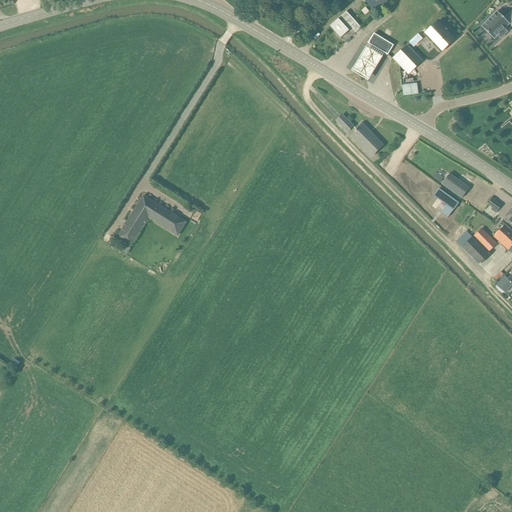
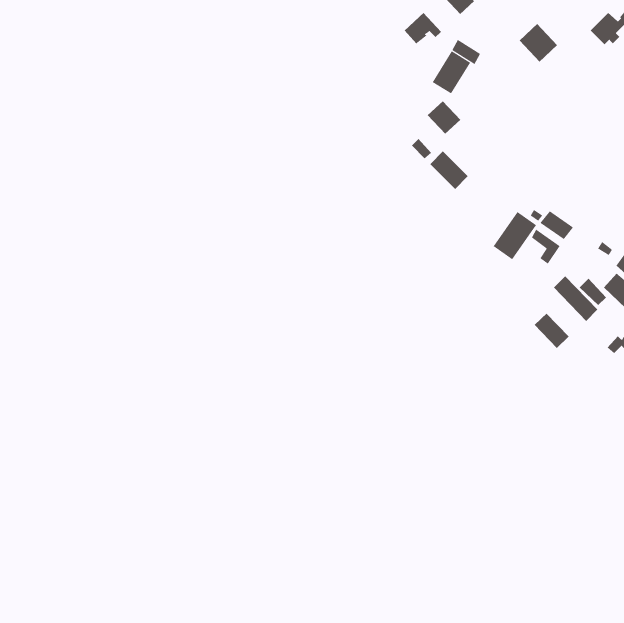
building: [395,44,423,72] -> [427,100,461,135]
building: none -> [493,211,537,260]
building: [118,194,187,245] -> none
building: none -> [534,313,570,349]

